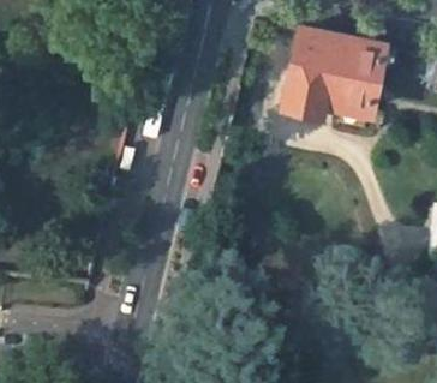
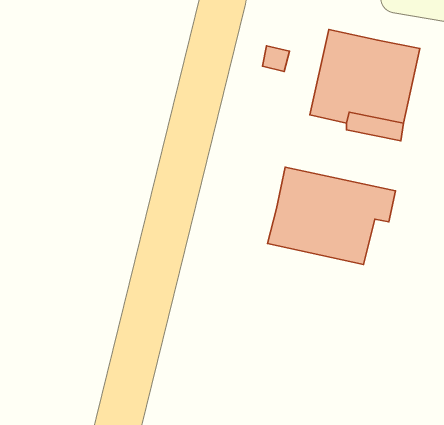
building: none -> [268,167,395,264]

